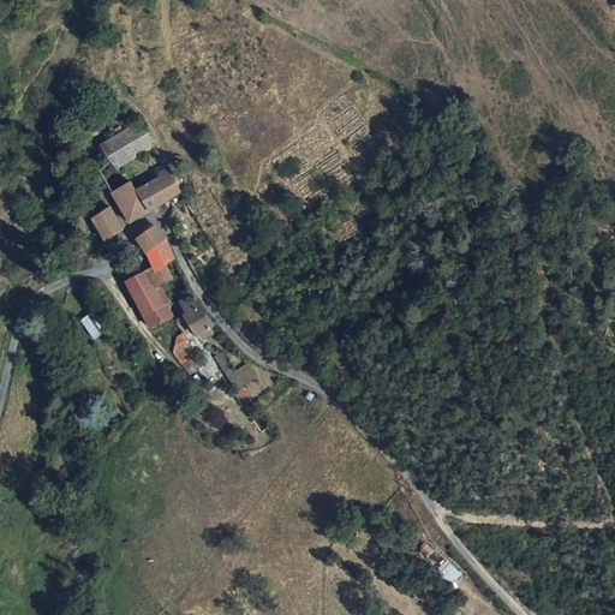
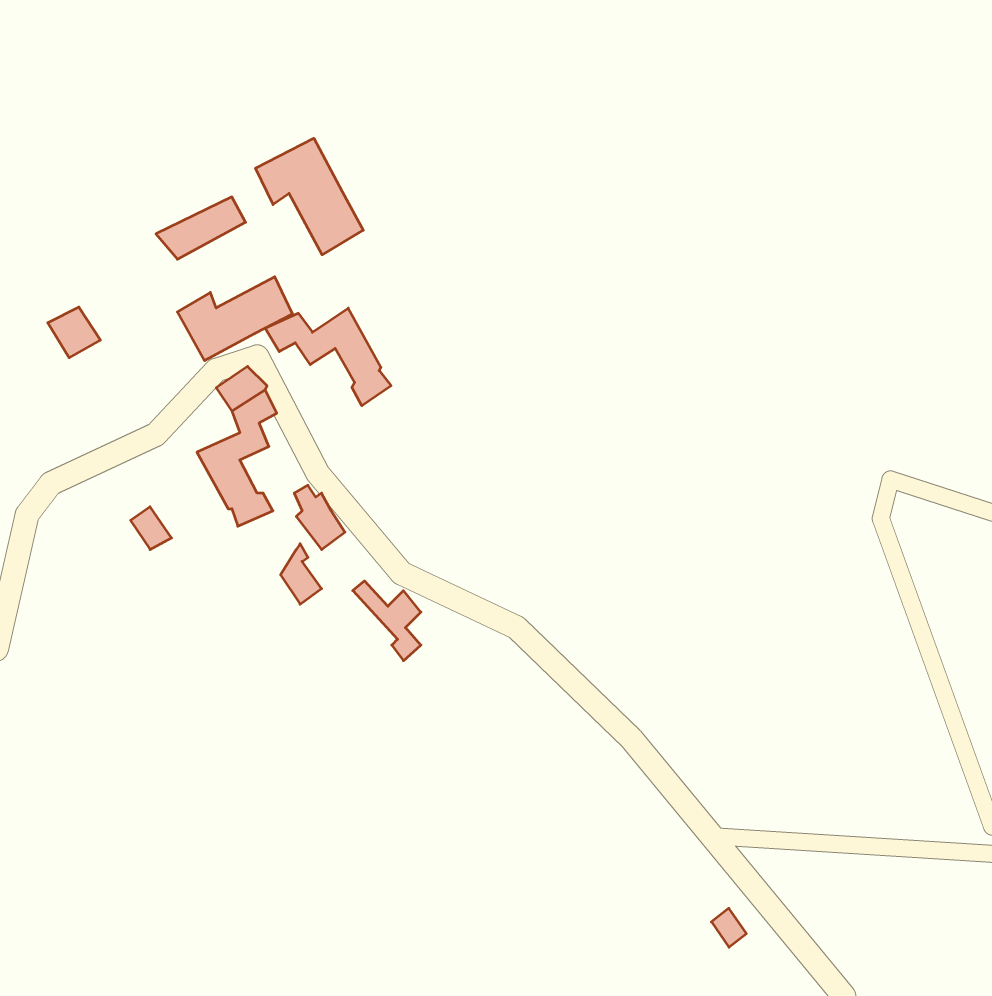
building: none -> [256,138,363,255]
building: none -> [265,308,391,406]
building: [88,205,120,237] -> [48,307,100,358]

